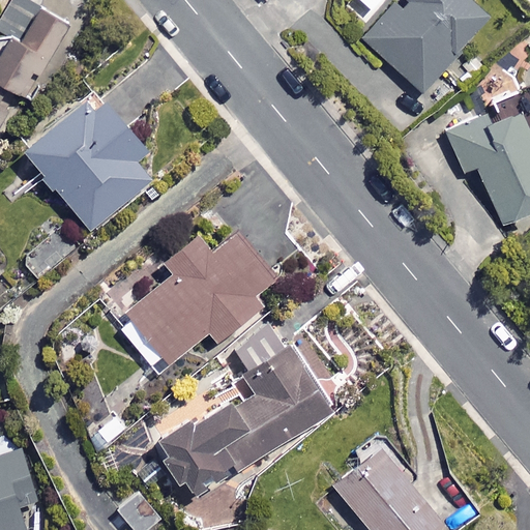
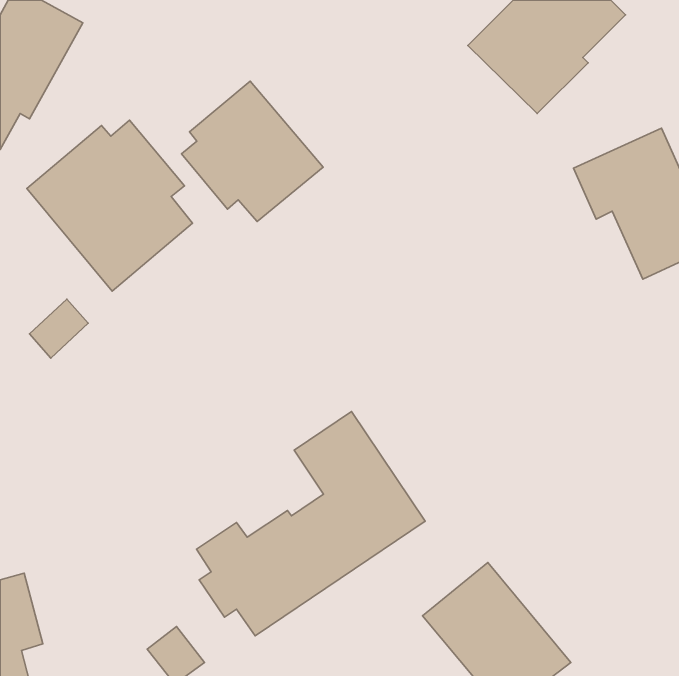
building: none -> [181,81,323,222]
building: [116,230,275,375] -> none

